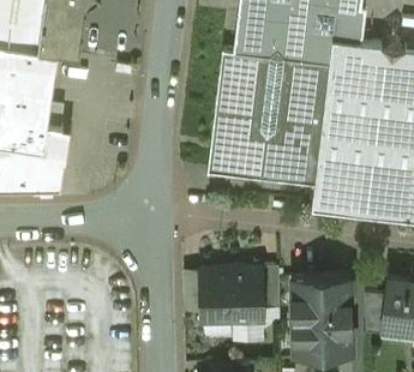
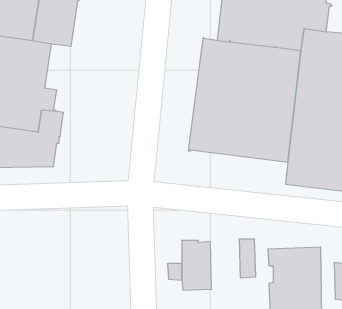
building: [230,270,263,324] -> none

